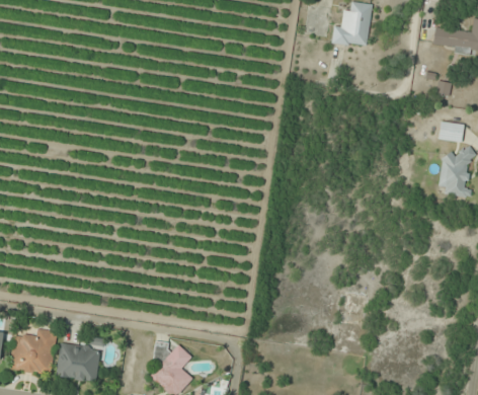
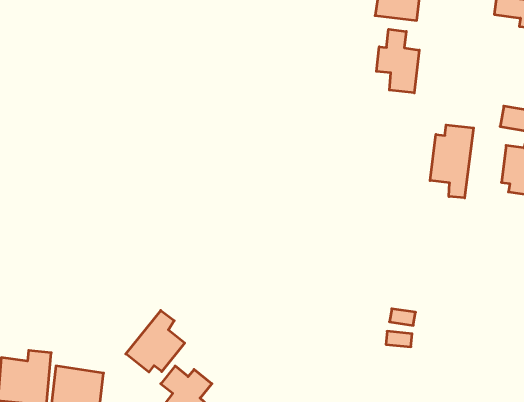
building: none -> [376,29,419,93]
building: none -> [430,125,474,198]
building: none -> [126,310,185,372]

